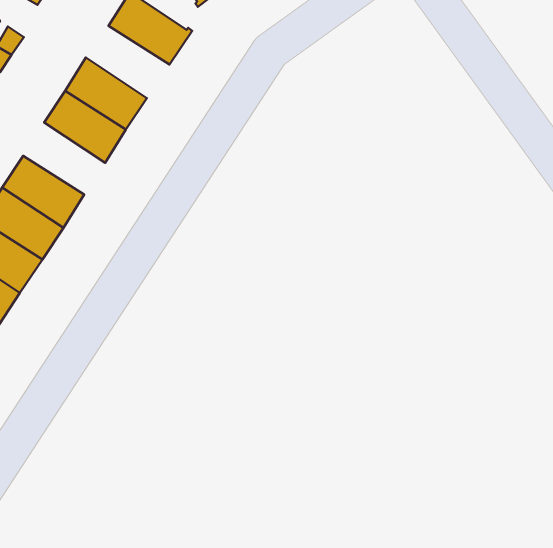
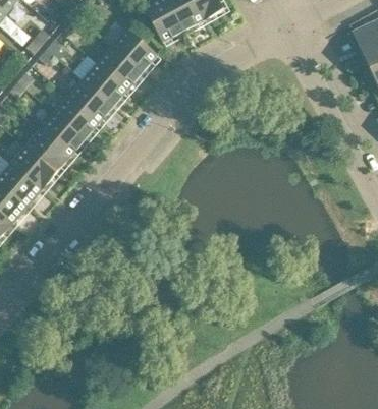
building: none -> [96,47,143,91]
building: none -> [53,97,99,140]

